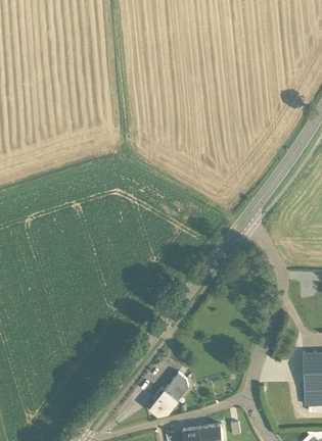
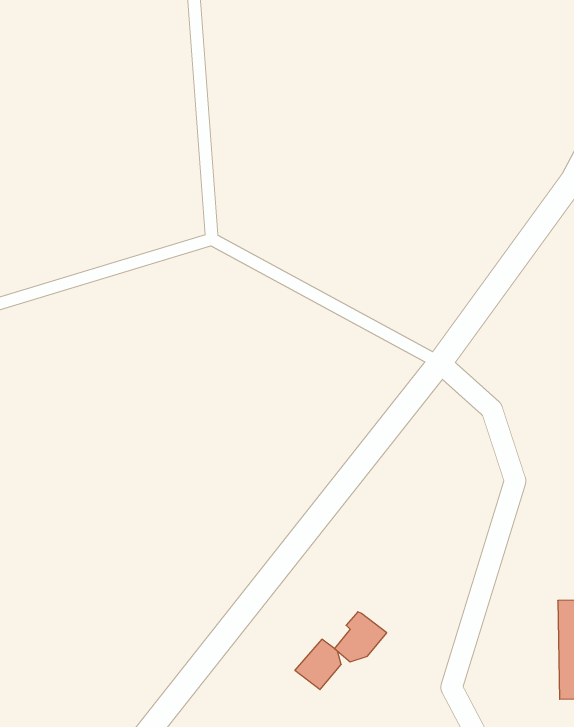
building: [149,388,177,414] -> [335,612,387,662]

